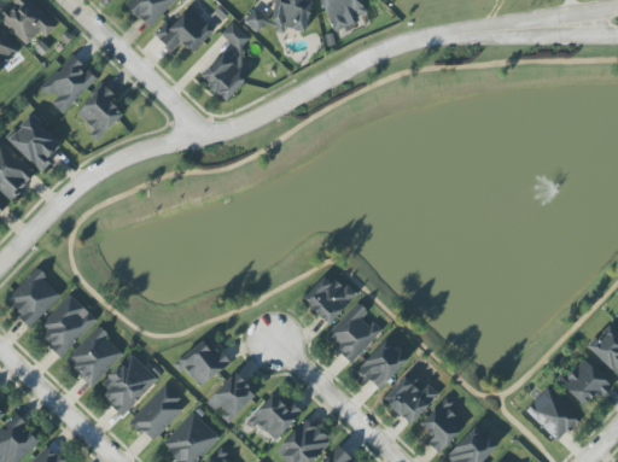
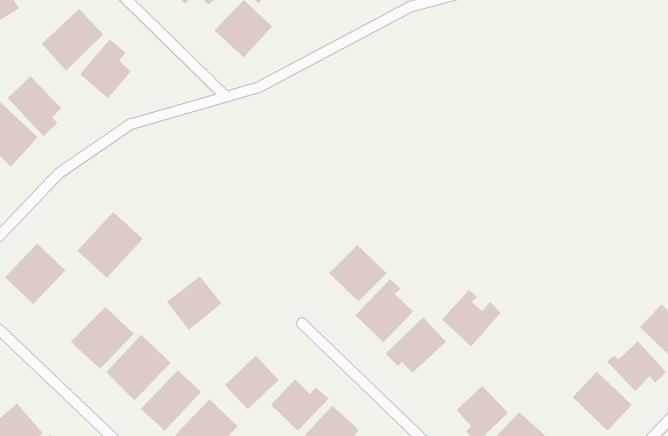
building: [35,294,97,356] -> [76,211,144,278]
building: [176,338,228,388] -> [166,275,223,331]
building: [383,372,438,425] -> [441,289,502,347]

